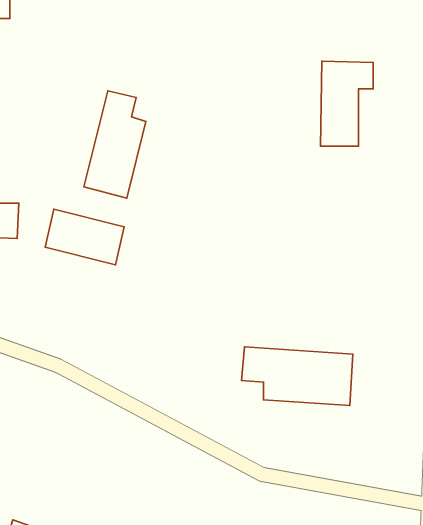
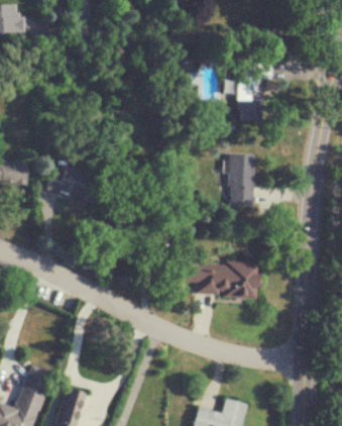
building: [84,91,146,198] -> none
building: none -> [230,154,255,205]

